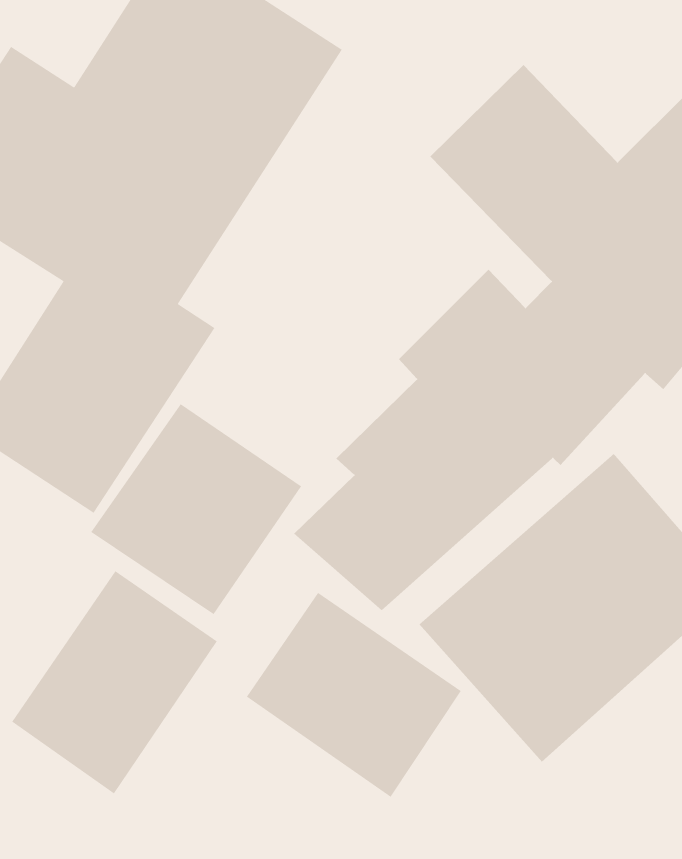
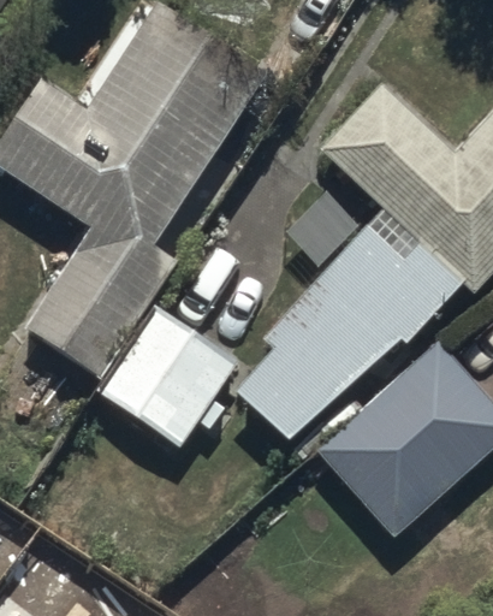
building: [11,570,218,794] -> none
building: [246,592,462,798] -> none

